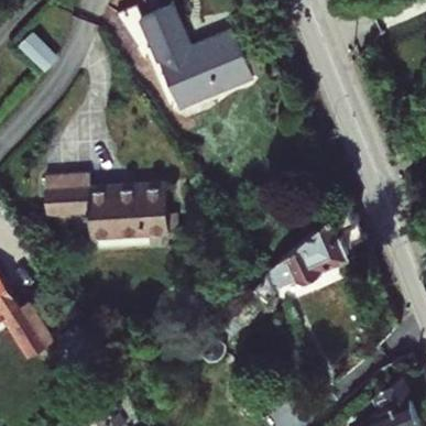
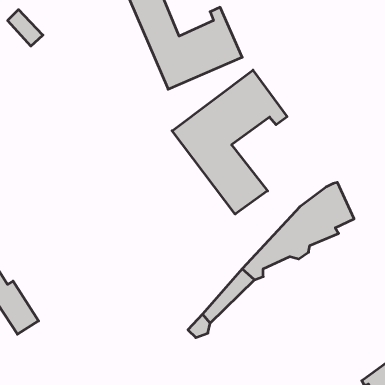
building: none -> [172,70,287,214]
building: [48,171,168,239] -> none

